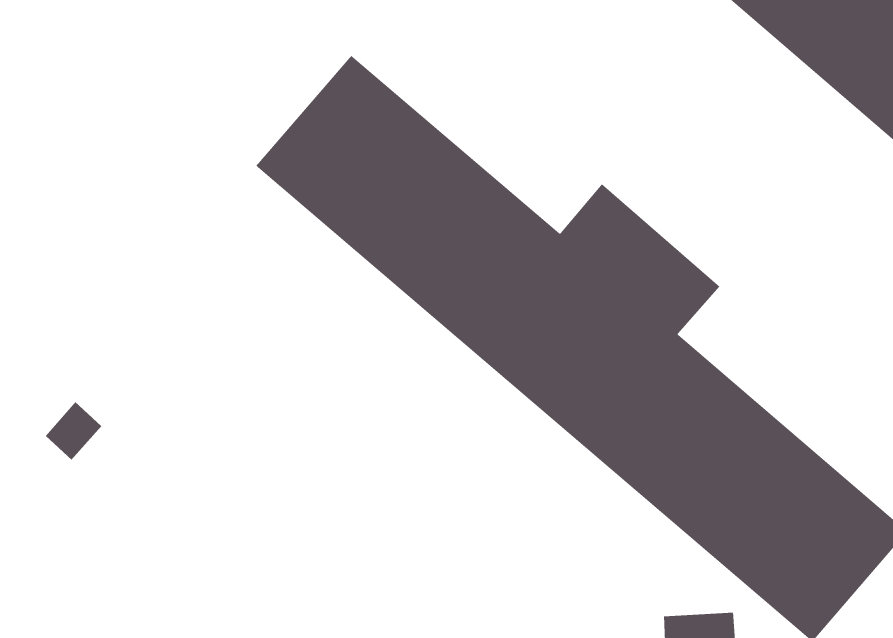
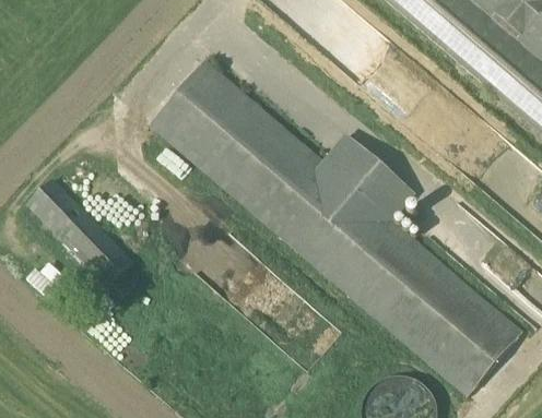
building: none -> [25,176,132,284]

